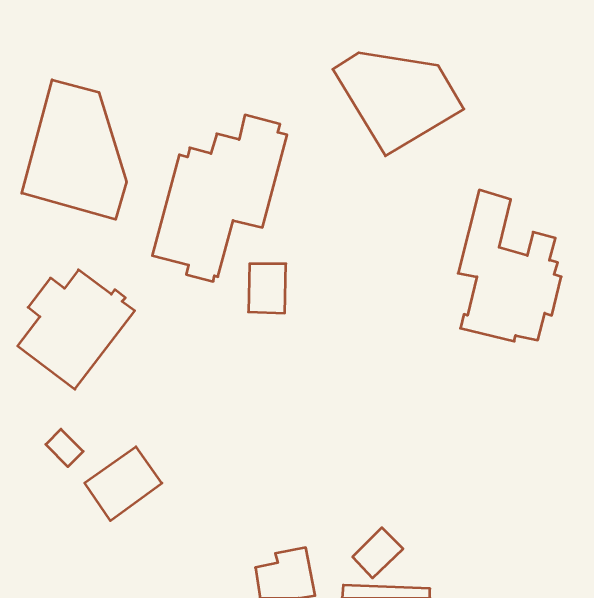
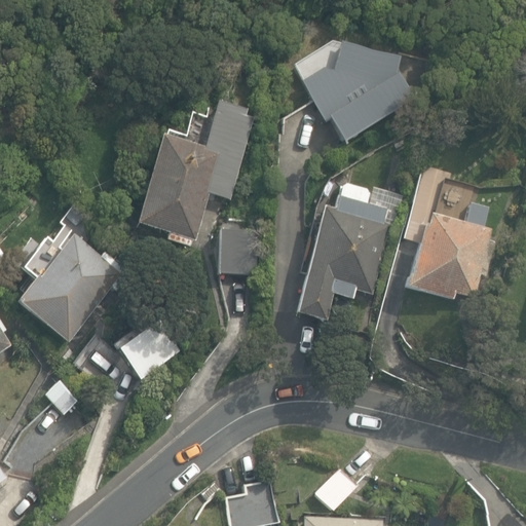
building: [22,80,126,219] -> none
building: none -> [296,181,388,317]
building: [85,447,162,521] -> [117,313,185,378]

